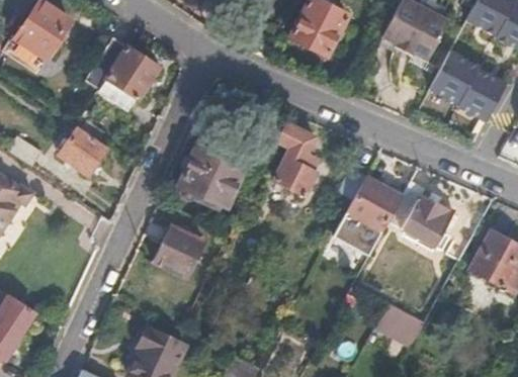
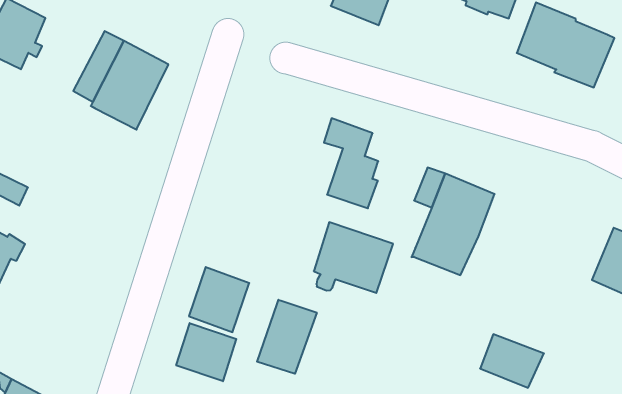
building: [61,125,109,175] -> none
building: [179,149,243,207] -> [314,222,393,293]
building: [385,182,454,251] -> none
building: none -> [257,300,317,374]
building: none -> [176,323,236,381]

